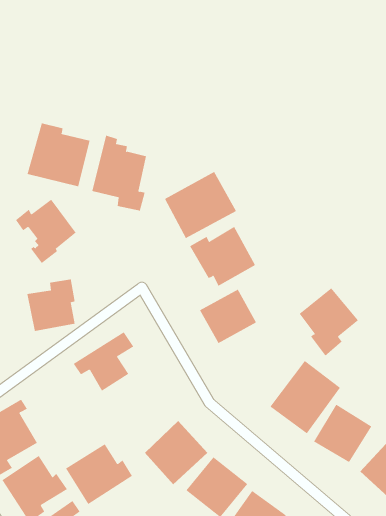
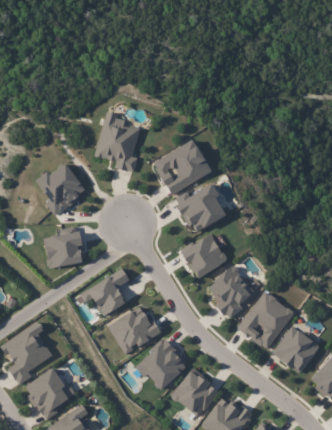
building: [27,122,90,187] -> none
building: [299,288,359,356] -> [208,265,256,320]
building: [65,443,133,505] -> [108,306,162,355]

